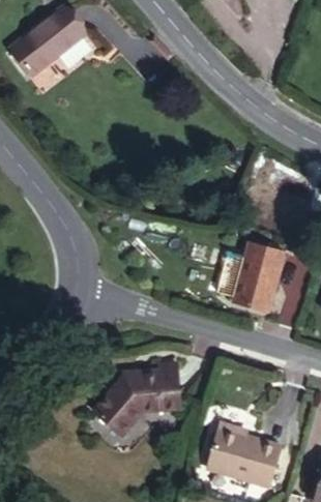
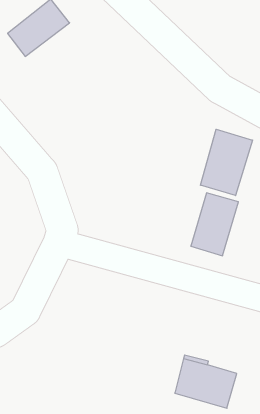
building: none -> [200,129,253,196]
building: [95,370,179,436] -> none

